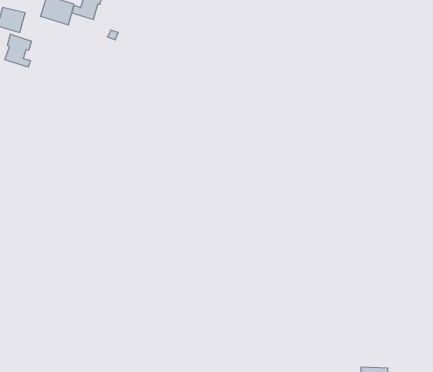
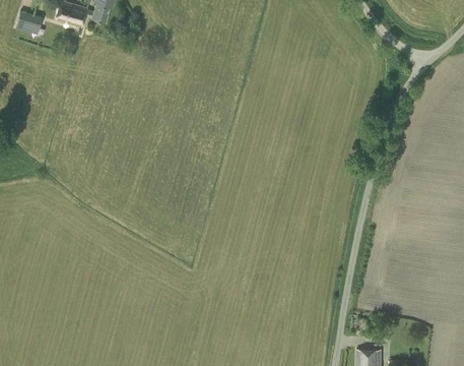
building: [5,34,31,67] -> none

